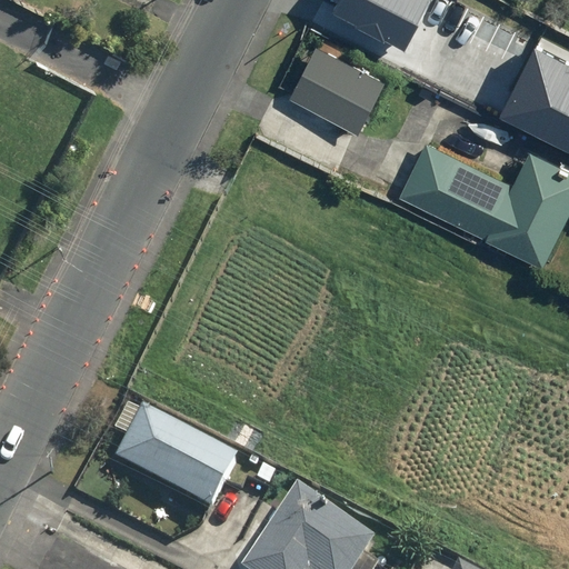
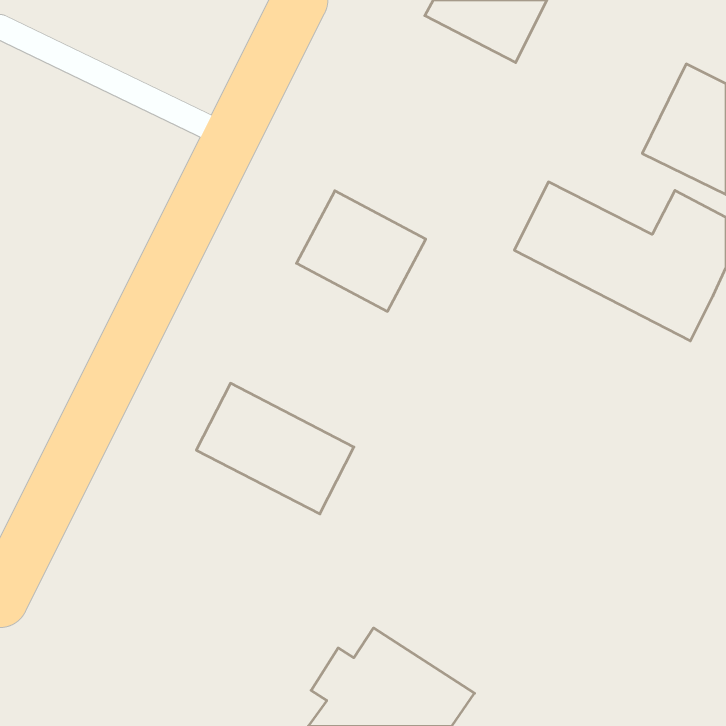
building: [288,40,389,134] -> [296,191,426,311]
building: [111,410,234,512] -> [196,383,354,514]

